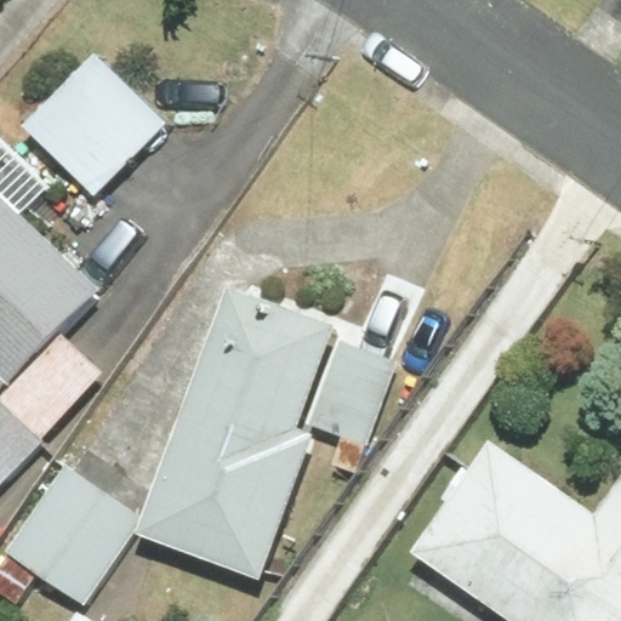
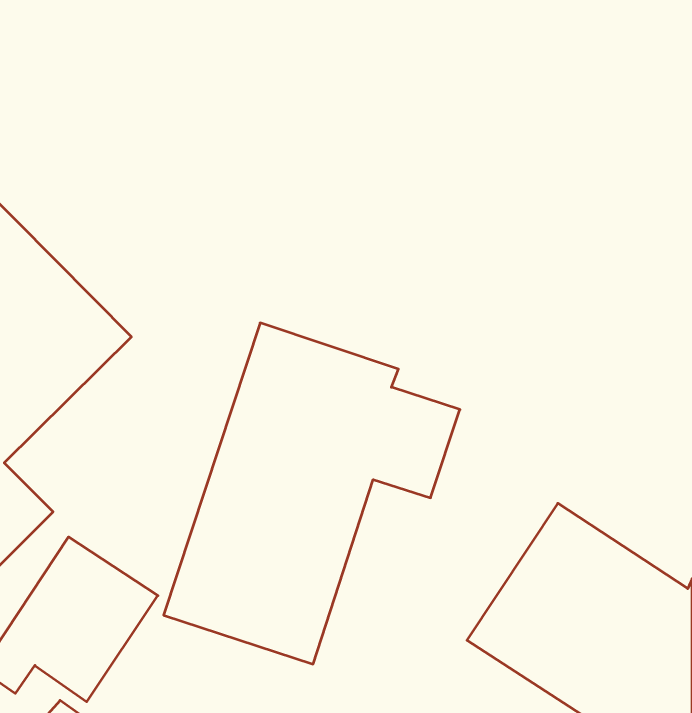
building: [22,53,170,203] -> none

